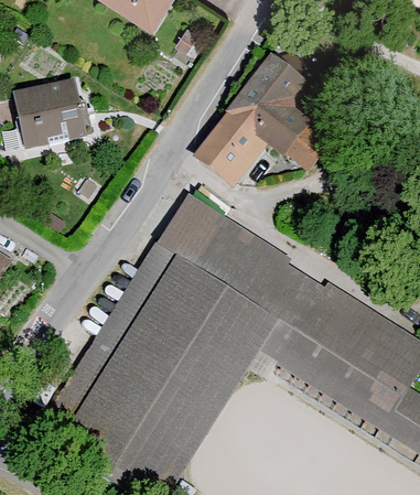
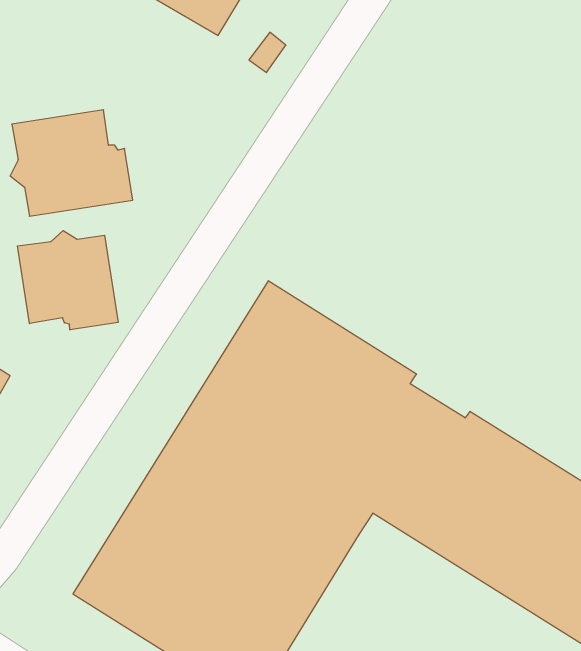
building: [200,50,330,184] -> none
building: none -> [18,231,118,330]

